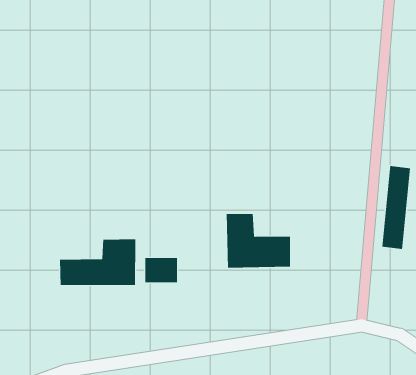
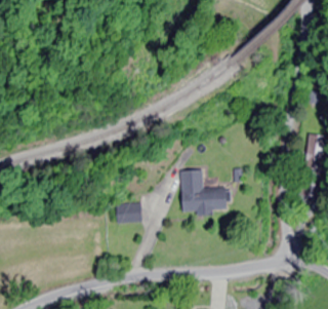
building: [60,239,136,286] -> none

